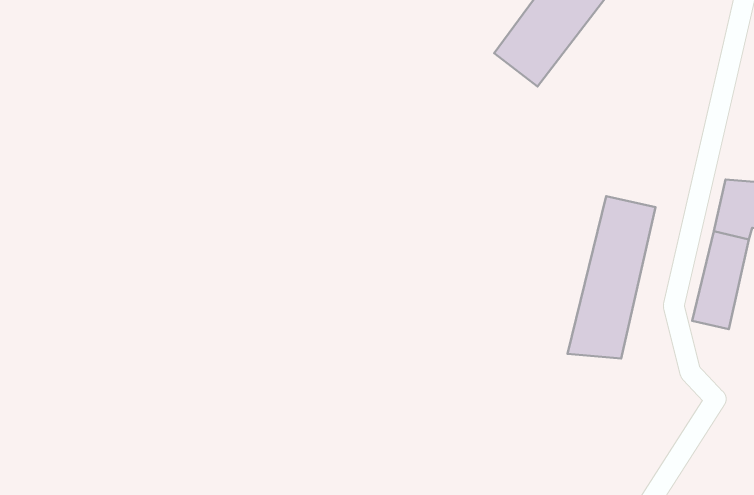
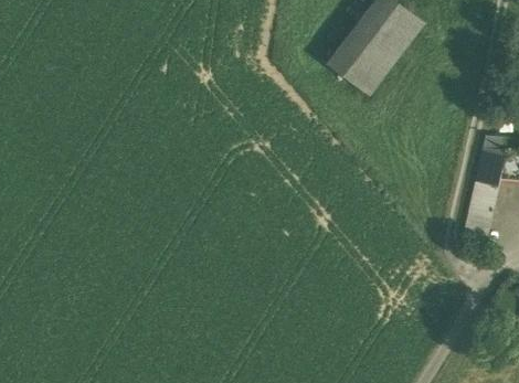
building: [568,196,656,358] -> none

